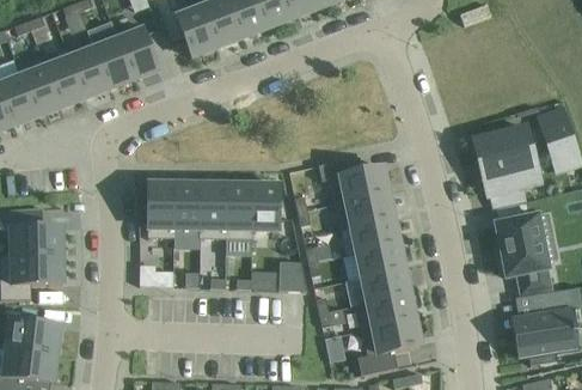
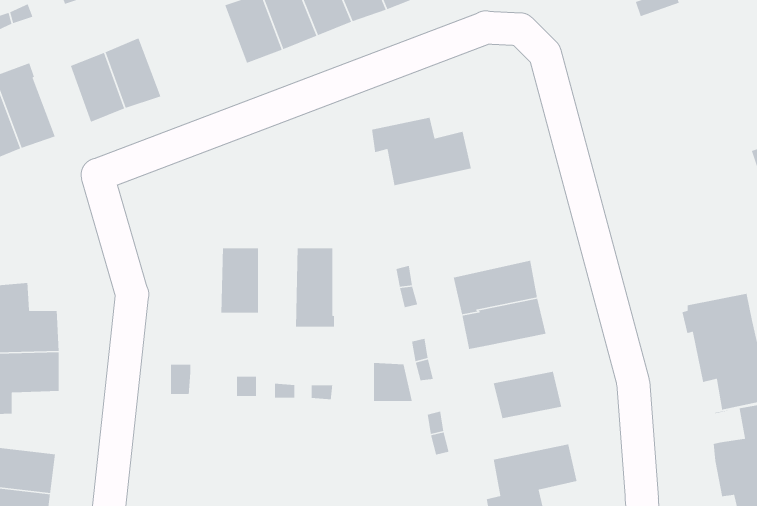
building: [115,24,159,79] -> none
building: [45,57,85,106] -> none
building: [474,126,534,194] -> none
building: [319,156,388,203] -> [371,117,472,186]
building: [147,182,176,237] -> none
building: [200,183,227,238] -> none
building: [252,183,280,230] -> none
building: [357,243,404,276] -> none
building: [356,293,415,329] -> none

